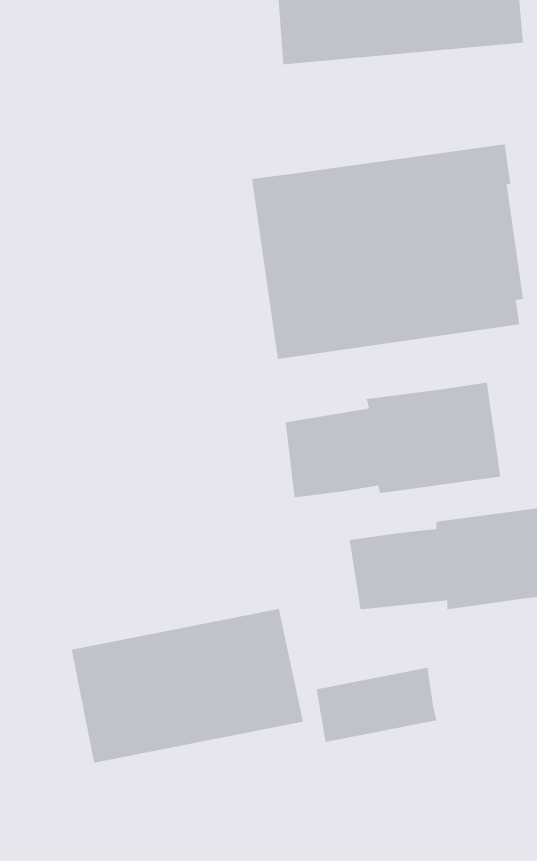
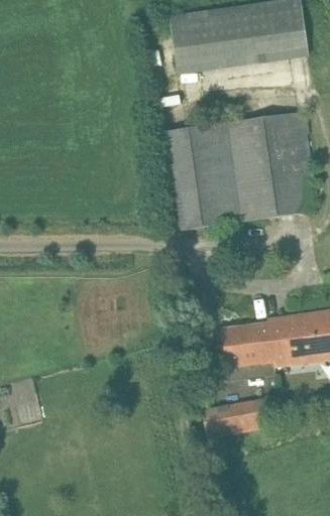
building: [285,382,501,498] -> none
building: [71,608,303,763] -> none

